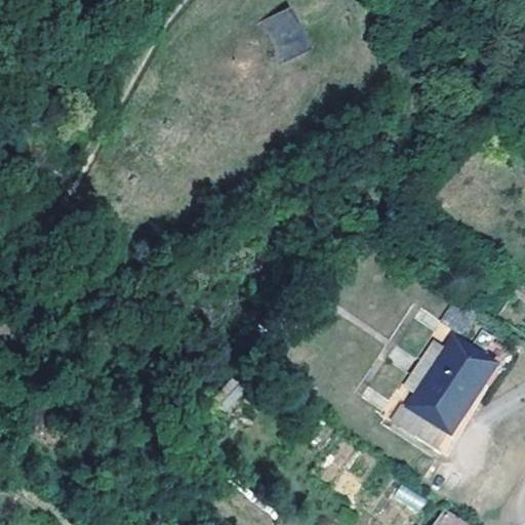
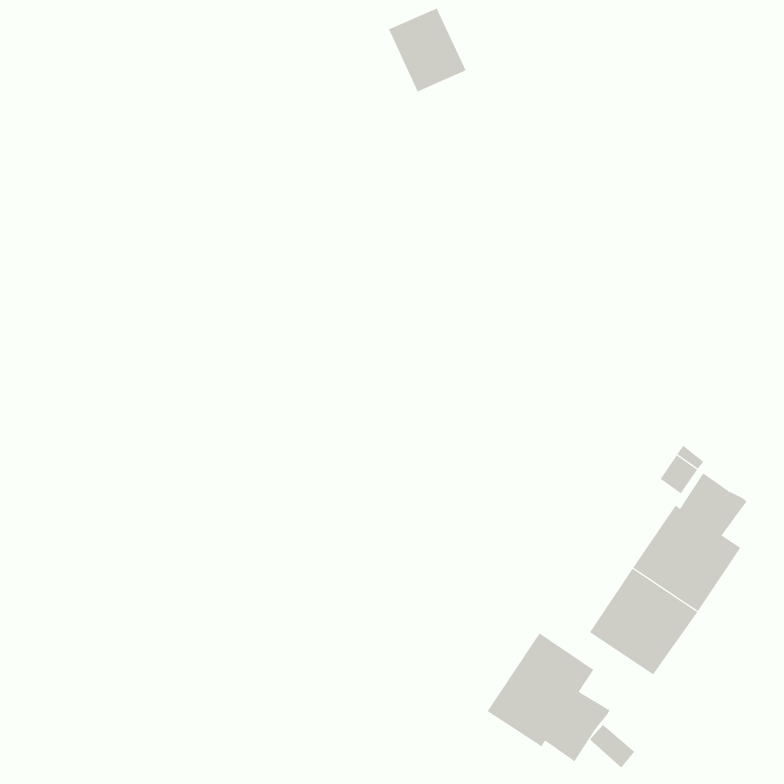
building: none -> [487,632,610,762]

